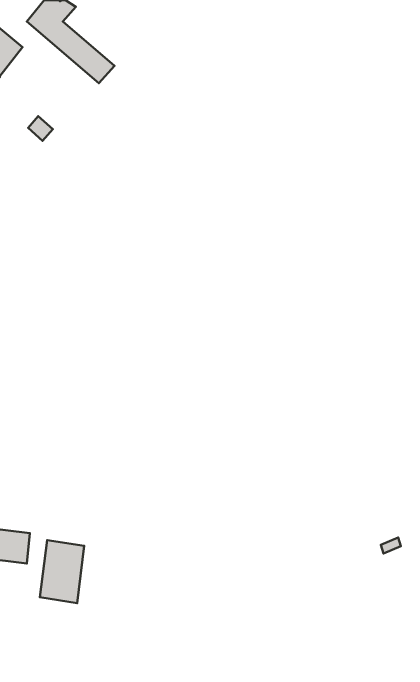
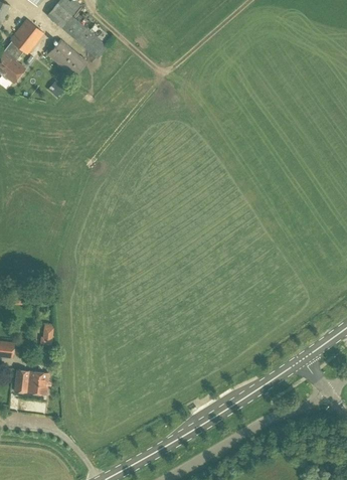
building: none -> [44,39,86,77]
building: [40,540,84,603] -> none

